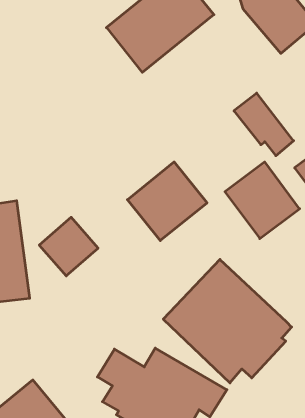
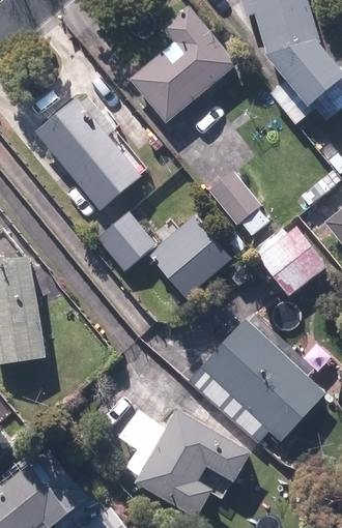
building: none -> [35,96,143,210]
building: [234,93,294,156] -> [207,172,269,237]
building: [39,217,98,276] -> [94,210,155,271]

